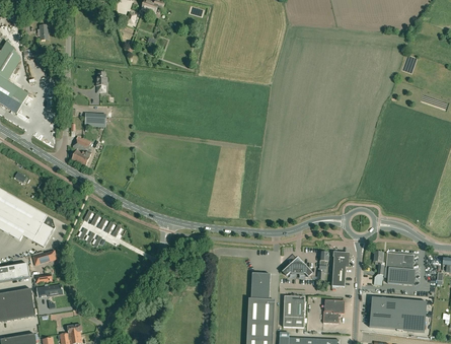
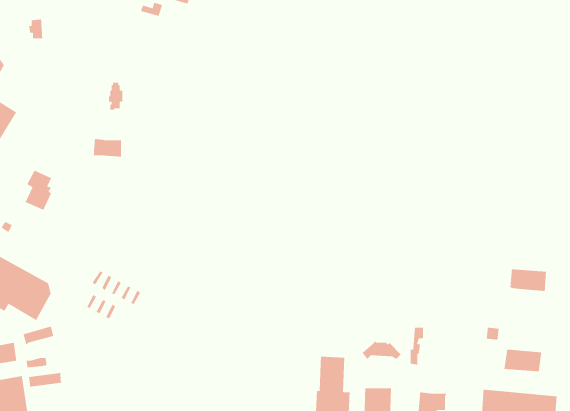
building: [71,135,91,165] -> [25,169,52,211]
building: [332,252,349,286] -> none
building: [386,252,414,269] -> [510,268,547,292]

